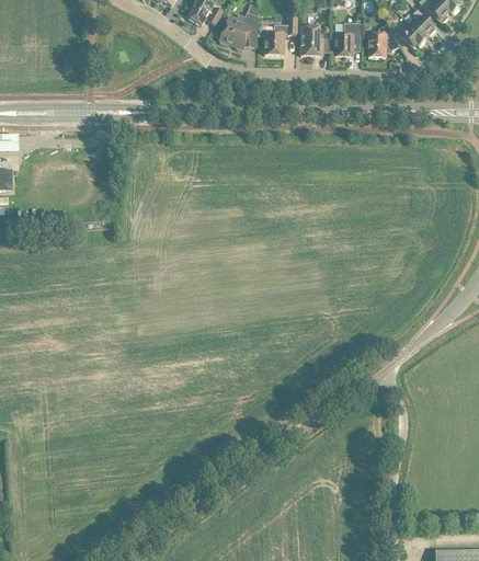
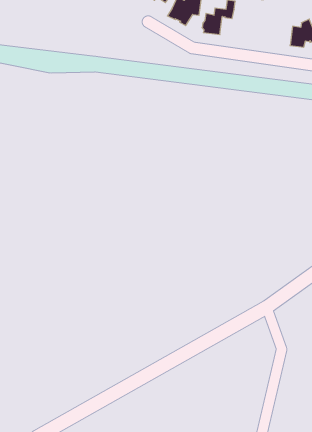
building: [334,23,361,56] -> none
building: [300,26,322,56] -> none

